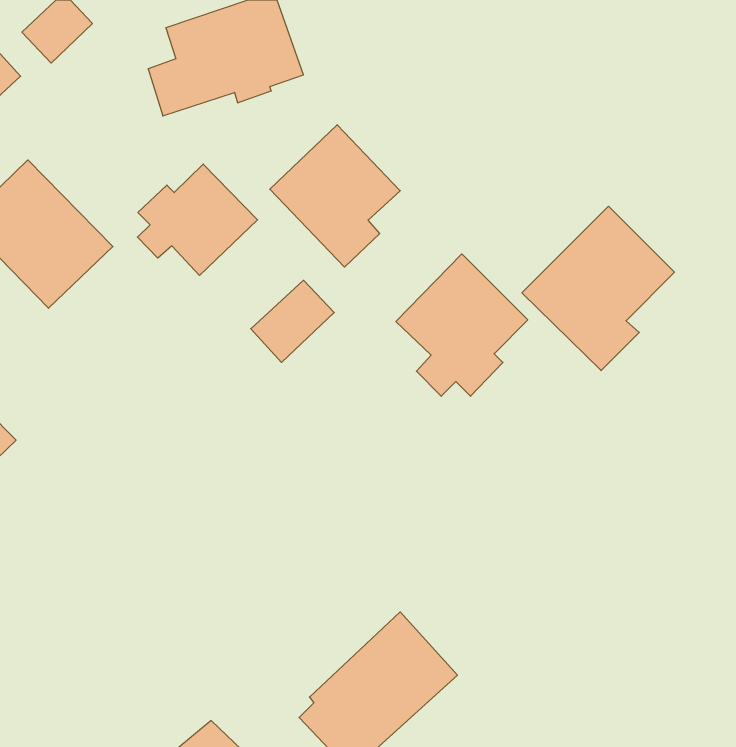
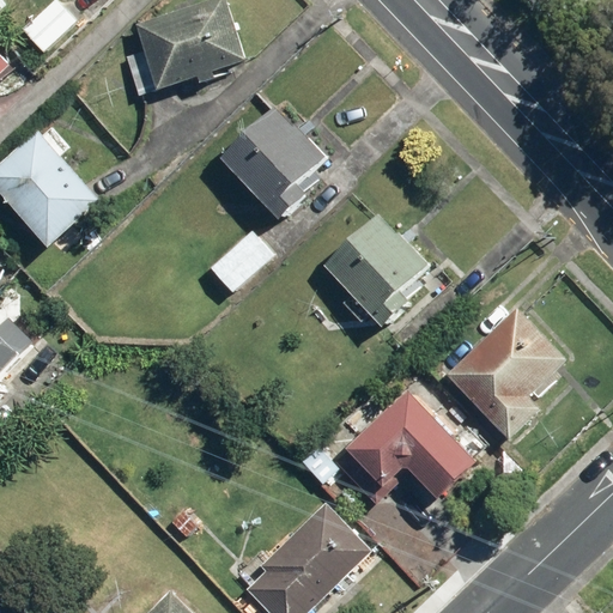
building: [137,164,258,275] -> none
building: [522,206,674,371] -> [444,305,569,439]
building: none -> [335,387,487,502]

